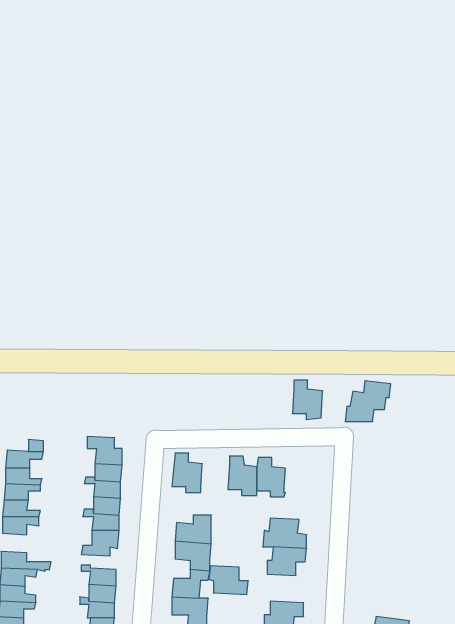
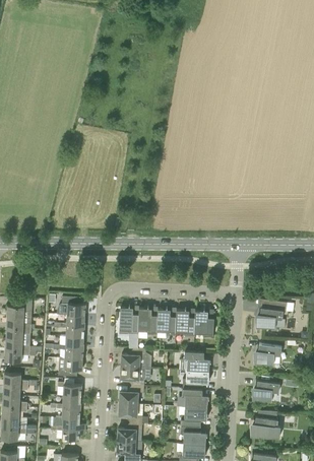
building: [292,380,323,419] -> [194,311,214,337]
building: [345,381,391,422] -> [256,300,287,327]
building: none -> [138,308,158,334]
building: none -> [255,343,281,364]
building: none -> [253,380,280,400]
building: [209,566,248,594] -> [182,388,208,407]

